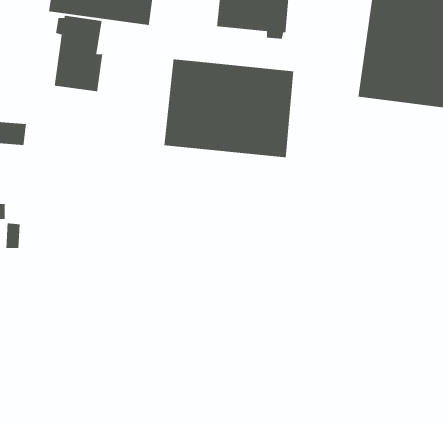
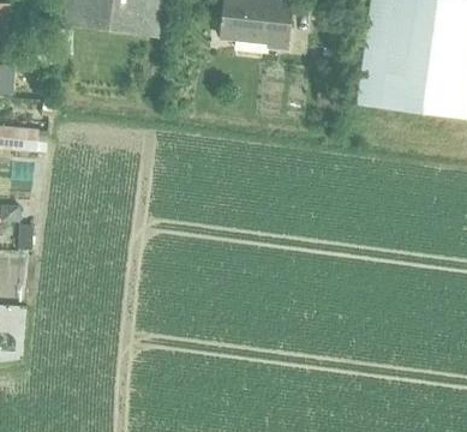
building: [54,15,103,92] -> none
building: [163,59,294,158] -> none

